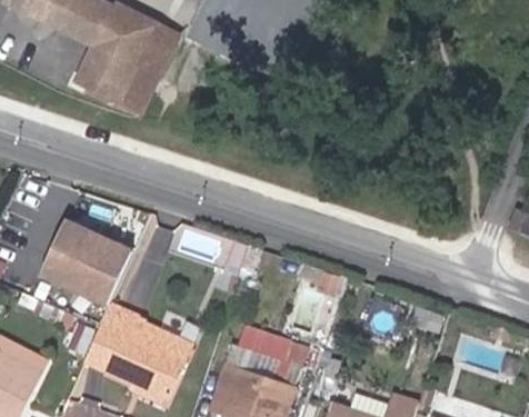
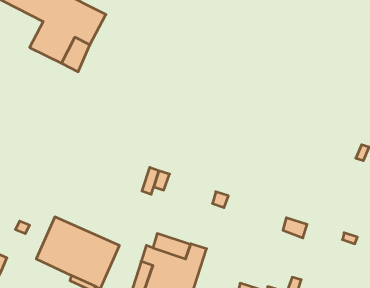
building: [43,221,132,305] -> none

